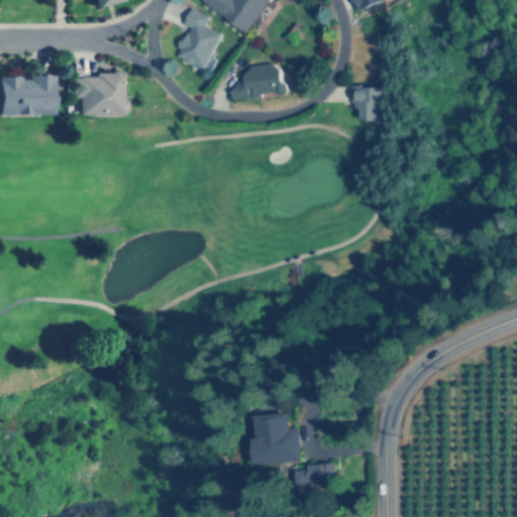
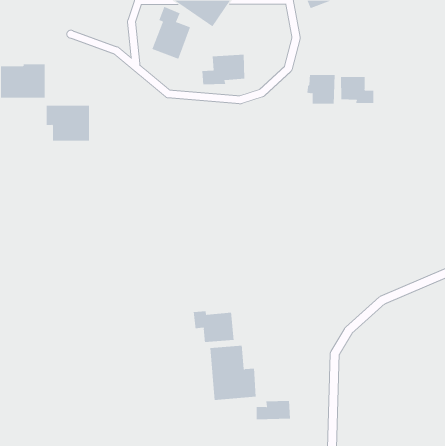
building: [74,75,124,116] -> [46,105,90,141]
building: none -> [340,76,374,104]
building: none -> [193,310,234,343]

